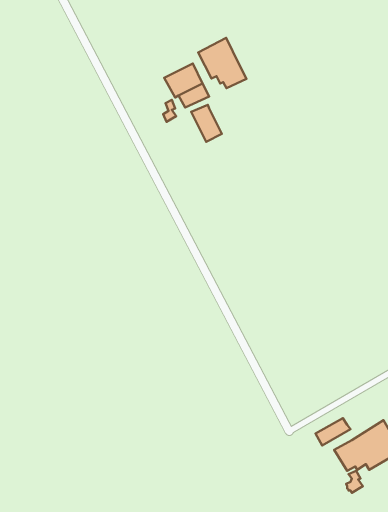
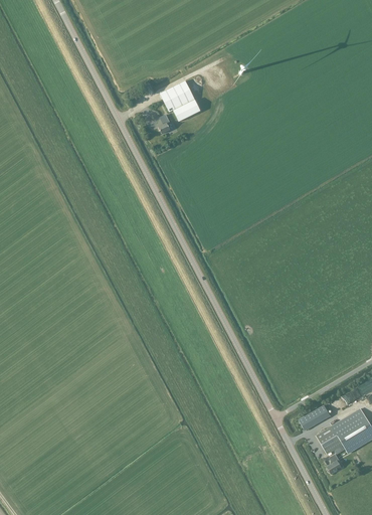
building: [198,38,247,88] -> none
building: [191,105,222,142] -> none

